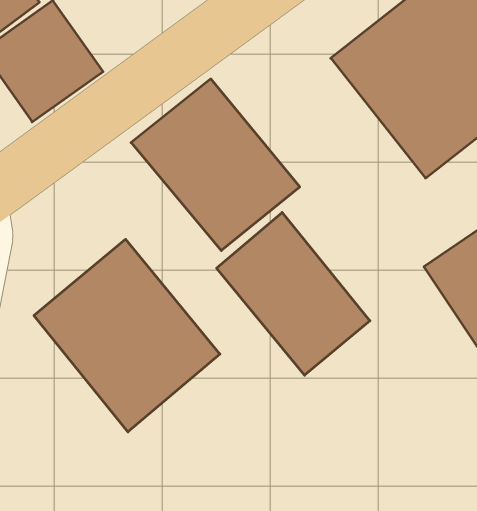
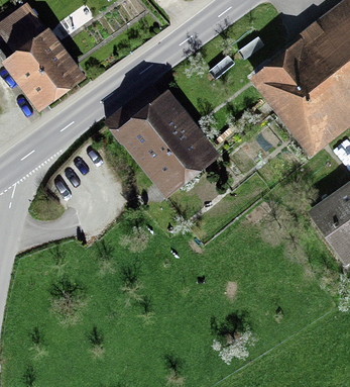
building: [217,212,370,375] -> none
building: [34,239,220,432] -> none

